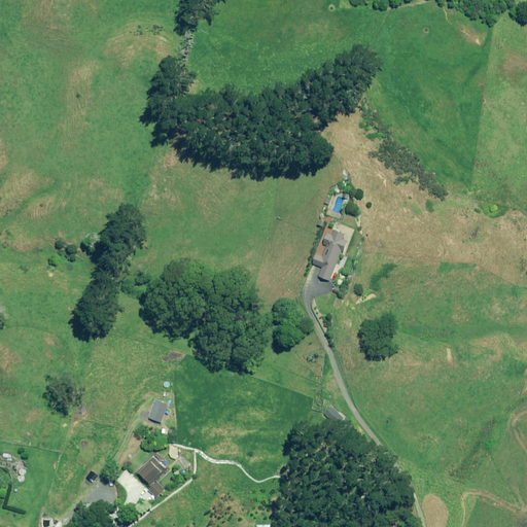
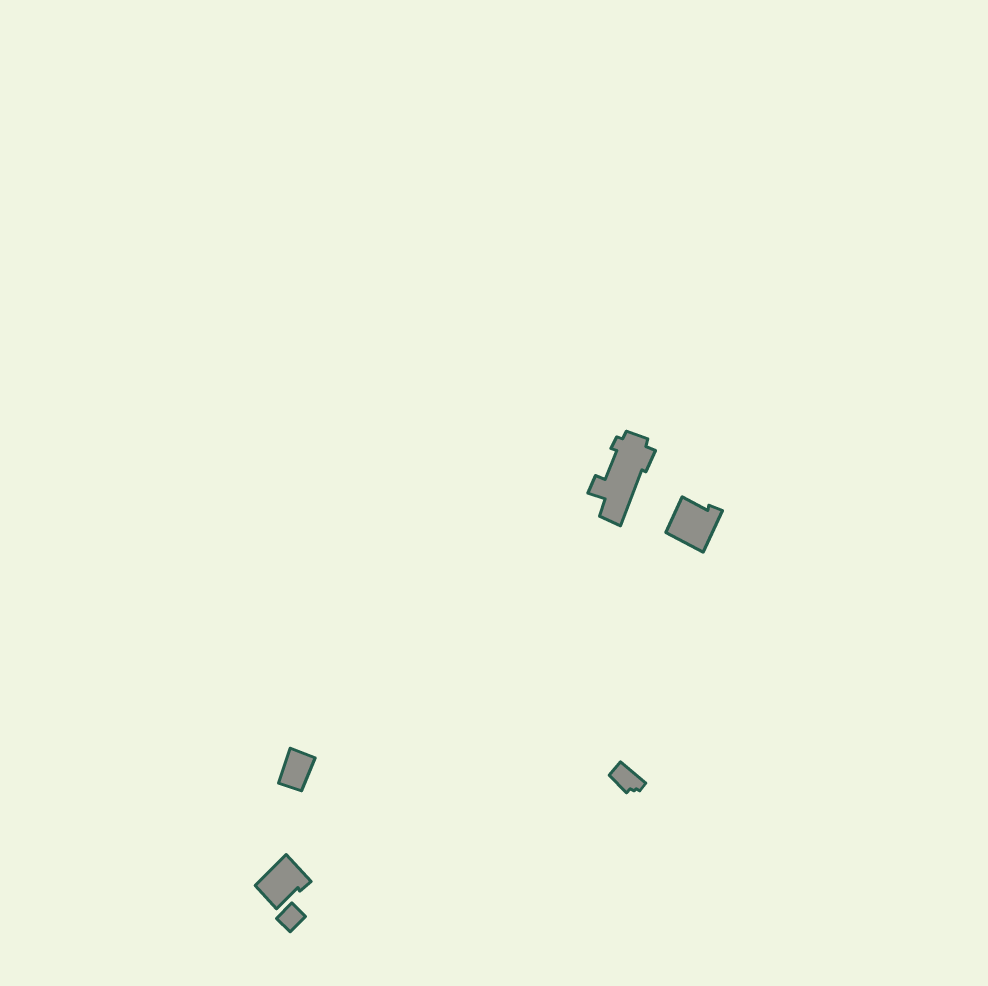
building: none -> [666,497,722,552]

